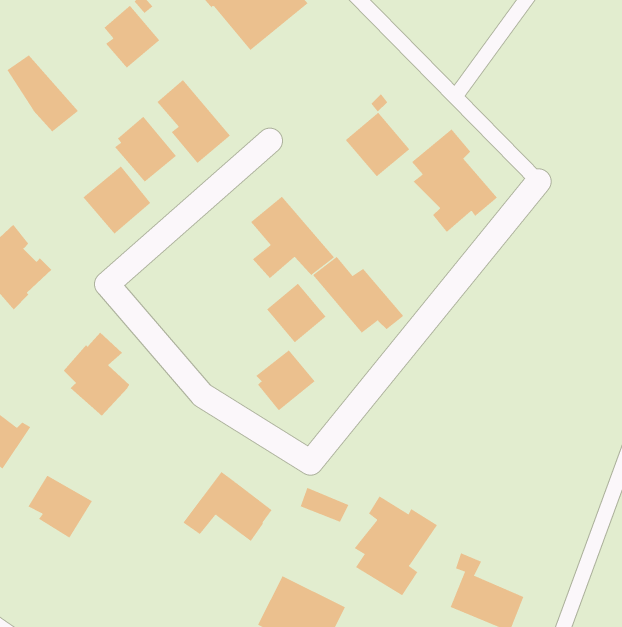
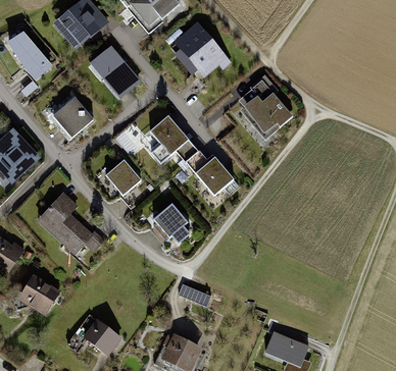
building: [345,112,410,177] -> [181,30,218,67]
building: [114,116,177,182] -> none
building: [266,283,326,343] -> [105,159,140,194]
building: none -> [63,225,103,252]
building: [182,471,272,542] -> [66,313,118,354]
building: [354,495,438,596] -> none

